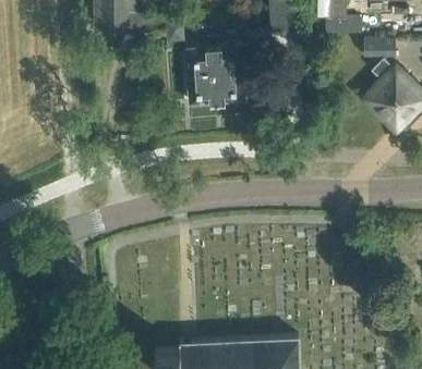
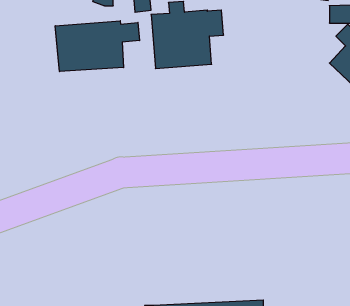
building: none -> [55,21,140,72]

